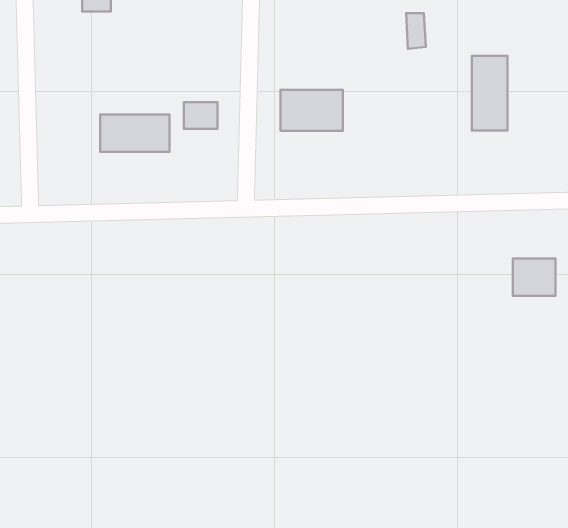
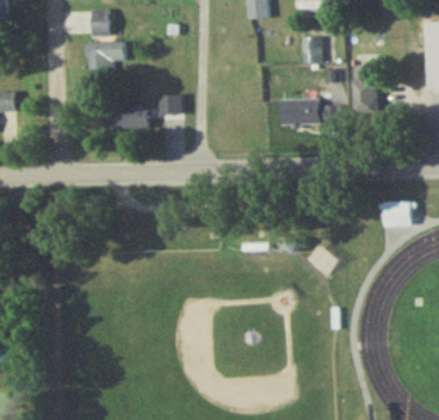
building: none -> [88,41,125,75]
building: [280,90,343,131] -> [277,99,319,126]

